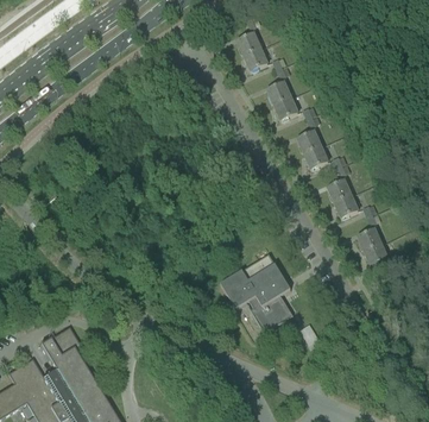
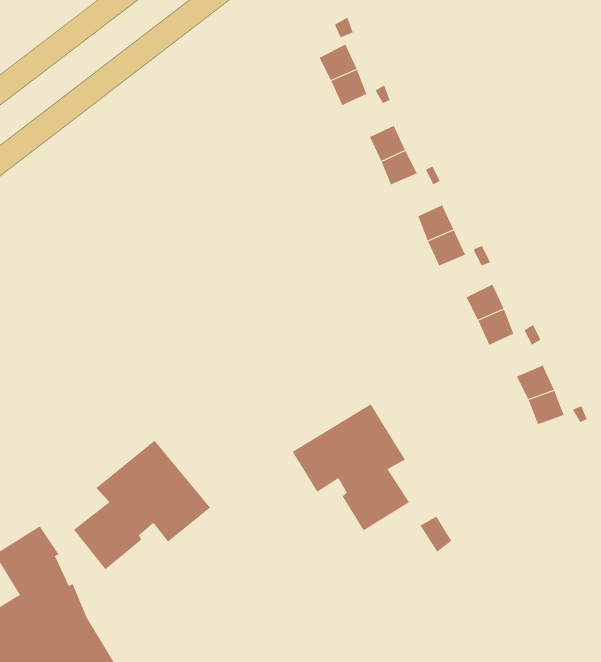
building: none -> [73,440,211,570]

